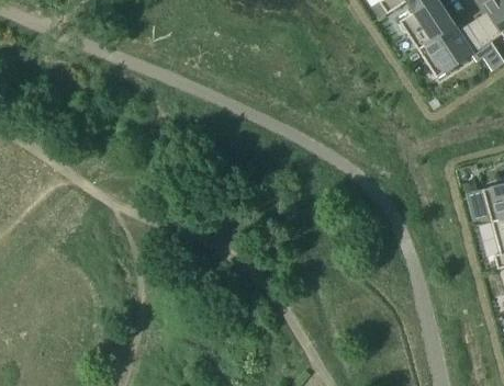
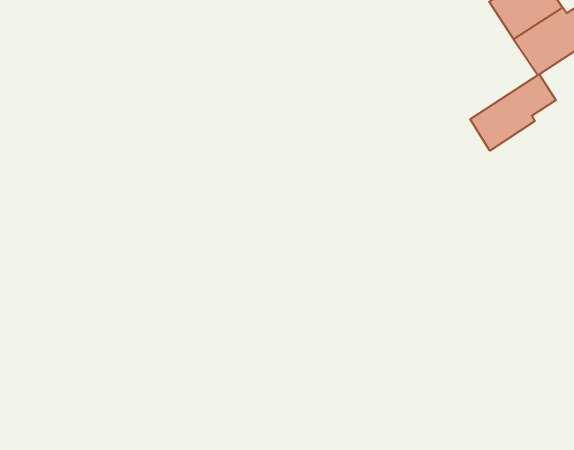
building: none -> [470,74,556,151]

